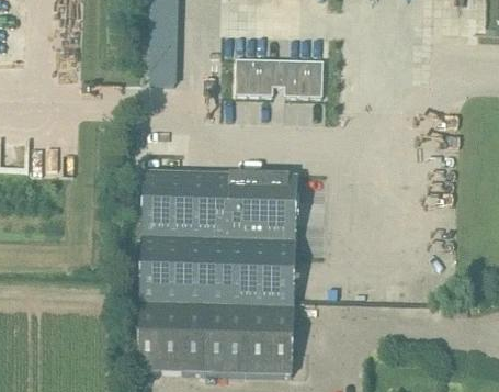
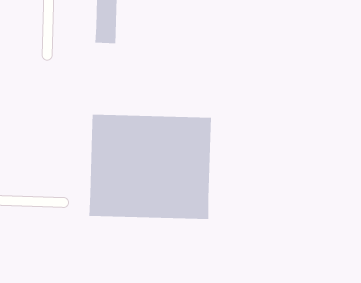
building: [234,58,321,96] -> none
building: [137,303,293,374] -> none

